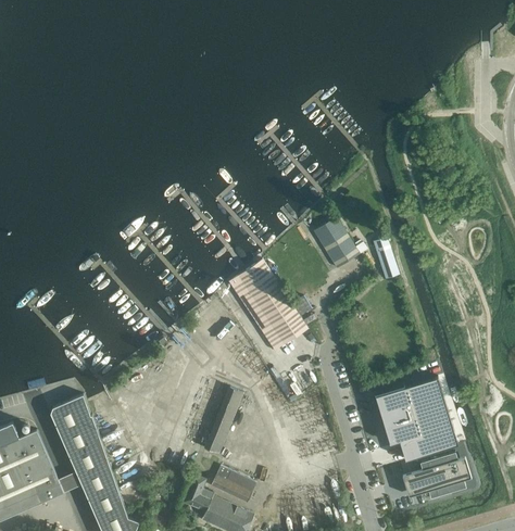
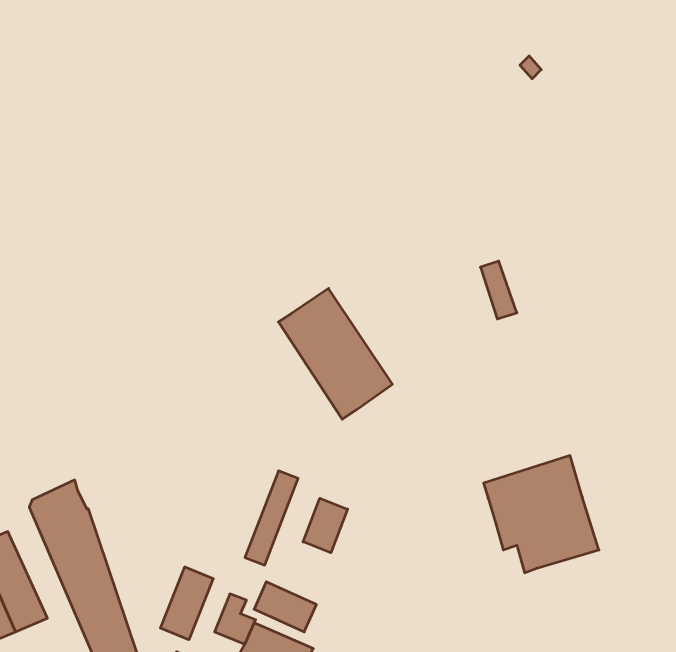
building: [313,217,359,268] -> none
building: none -> [303,498,348,553]
building: [401,452,470,498] -> none
building: none -> [160,567,213,640]

